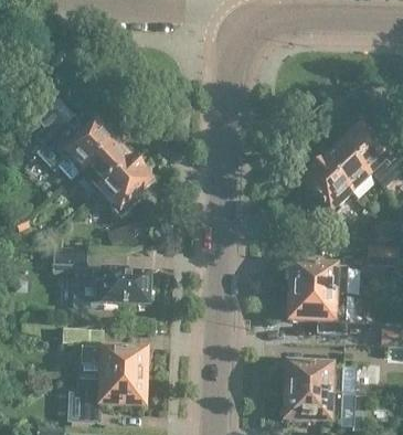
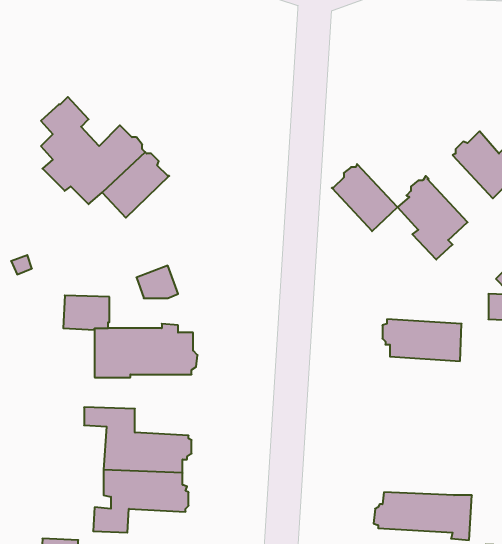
building: [322,141,371,191] -> [332,164,397,231]
building: [99,155,151,216] -> none
building: [288,290,347,332] -> none
building: [285,362,343,393] -> none

